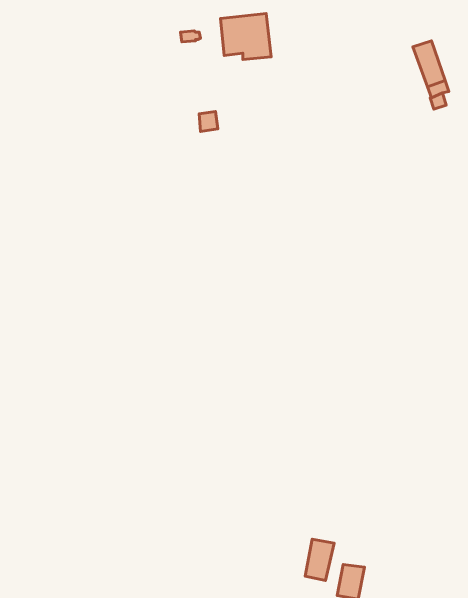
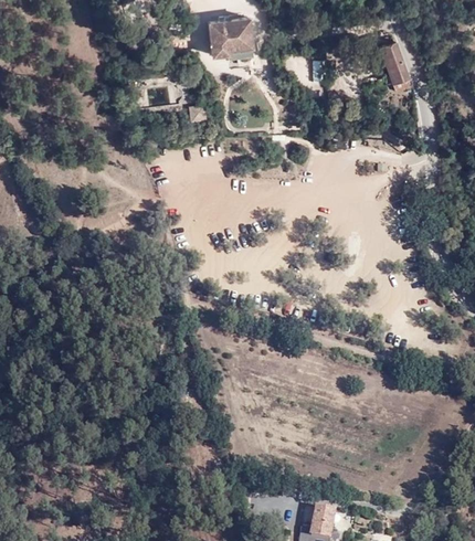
building: [305,539,334,580] -> none

